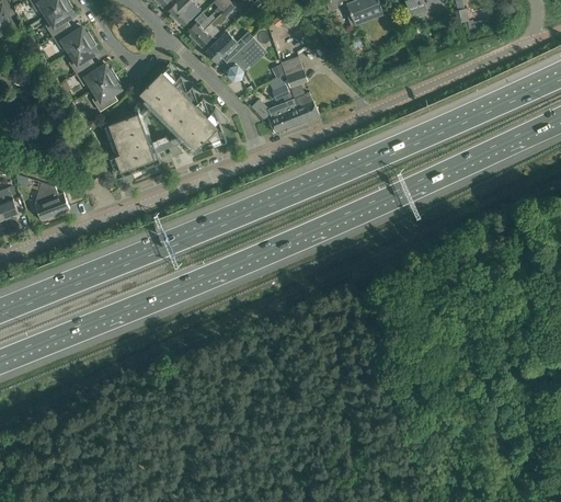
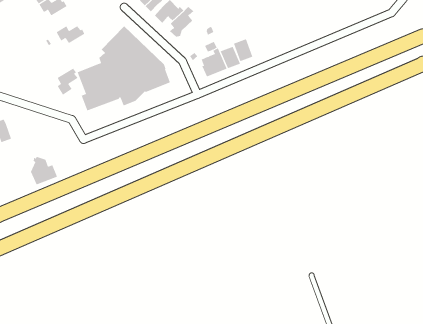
building: [69,38,96,72] -> none
building: [282,55,308,85] -> [233,38,253,62]
building: [92,75,121,111] -> [57,68,78,95]
building: [33,181,69,219] -> [30,156,58,185]

